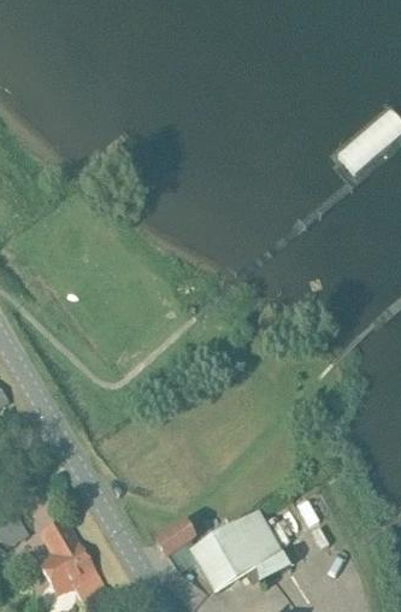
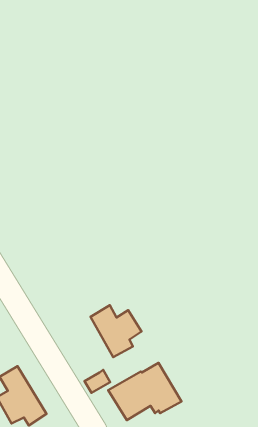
building: none -> [90,305,142,357]

